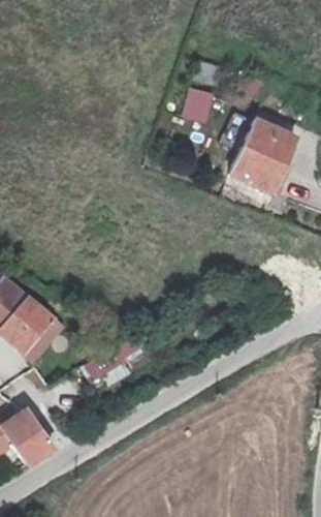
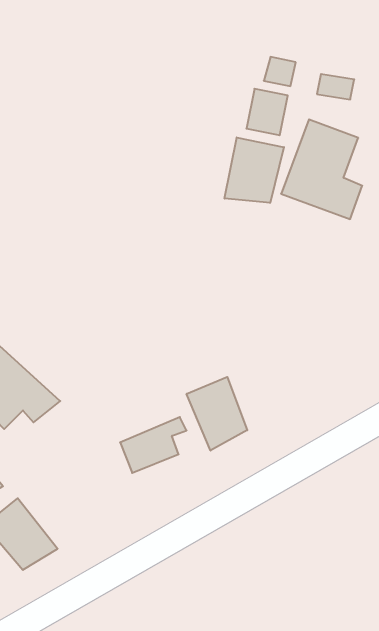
building: none -> [225,137,284,203]
building: none -> [187,377,247,451]

